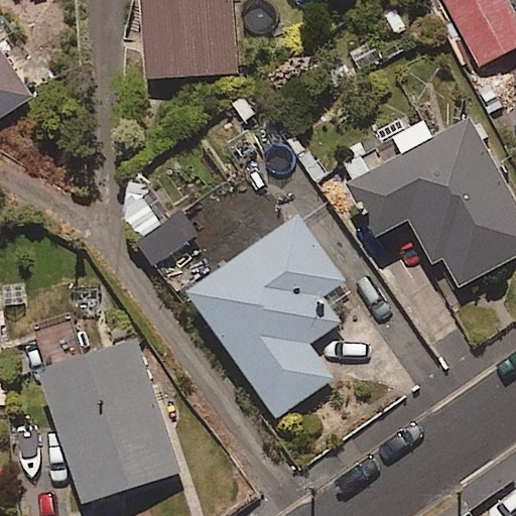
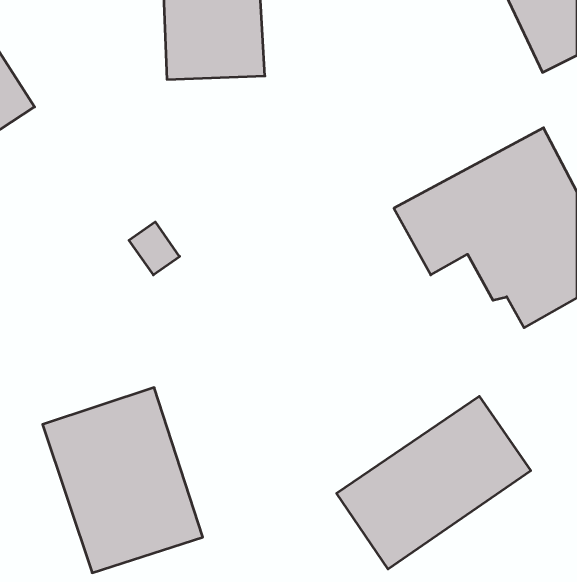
building: [187,216,346,420] -> none
building: none -> [337,396,531,569]

